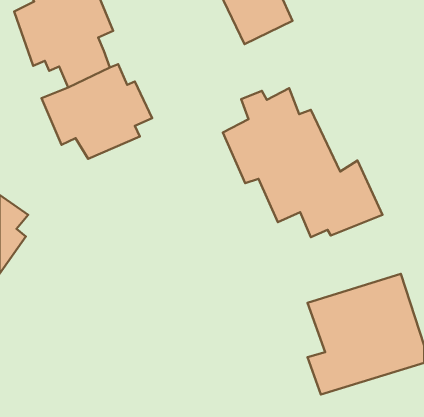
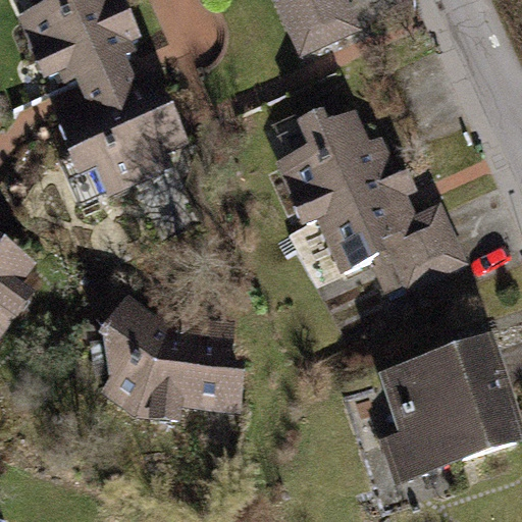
building: none -> [95,295,243,417]

